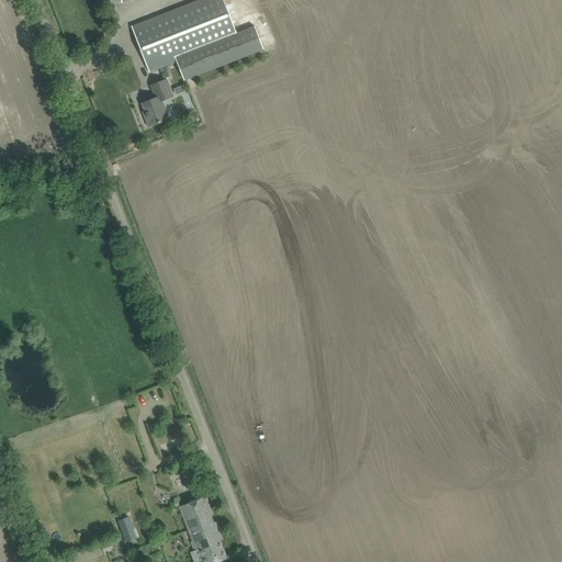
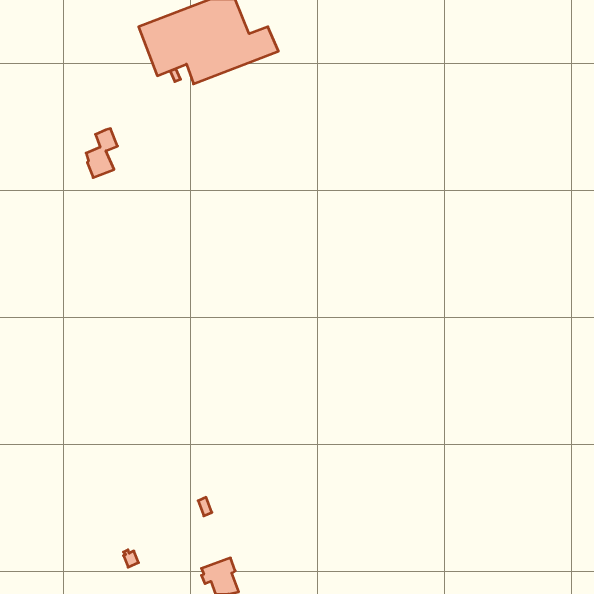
building: [142,79,171,125] -> [86,129,118,178]
building: [178,495,217,536] -> none

